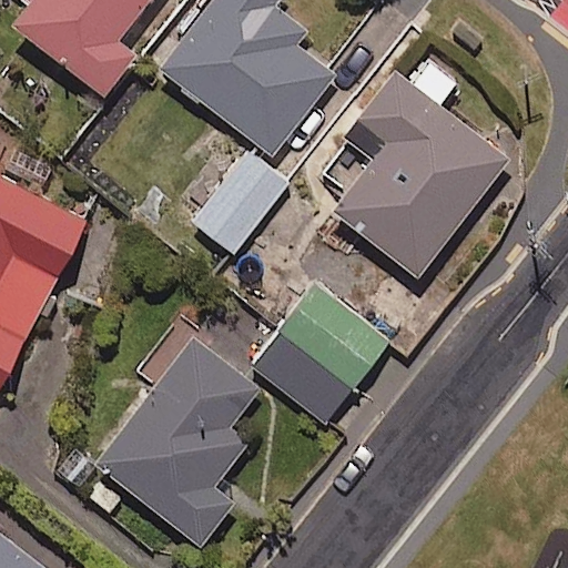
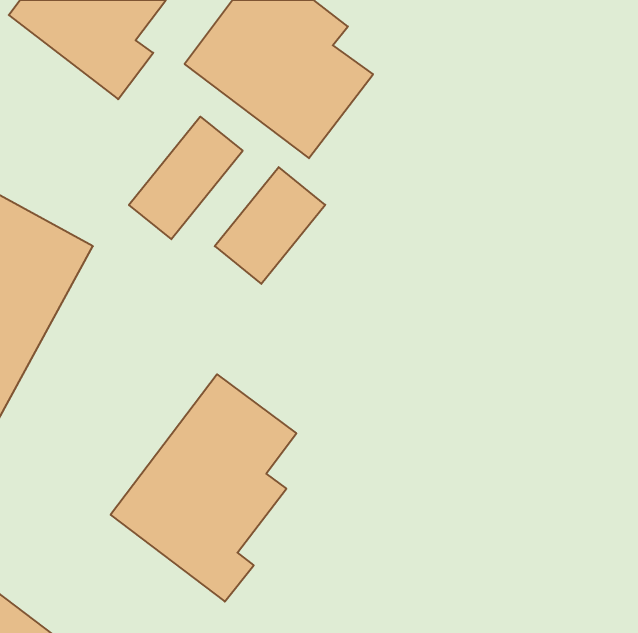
building: [334,69,507,271] -> none
building: none -> [129,117,243,239]
building: [250,288,387,428] -> none

